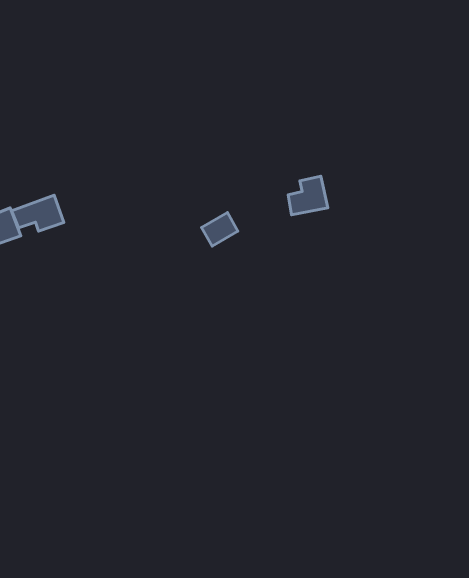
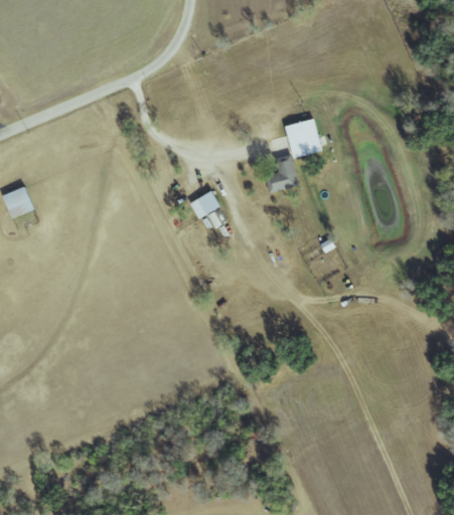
building: none -> [284,119,321,159]
building: [11,195,64,231] -> none

